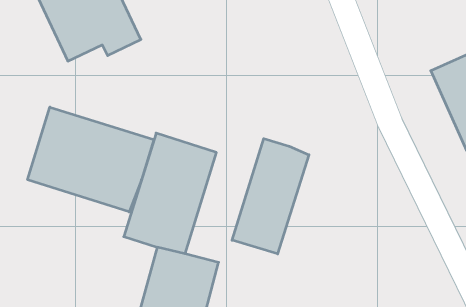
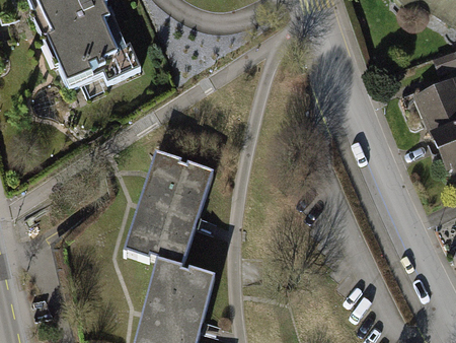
building: [28,107,154,212] -> none
building: [232,139,309,254] -> none

